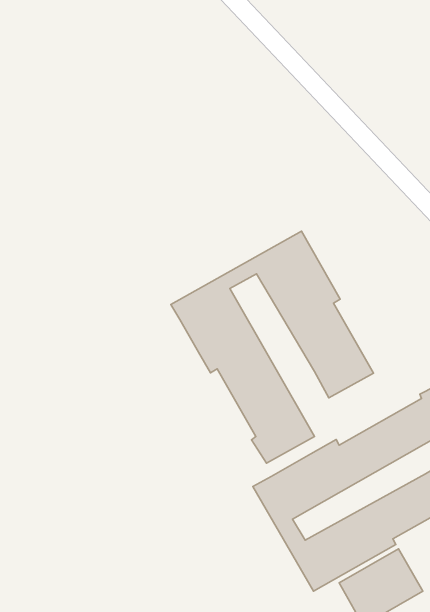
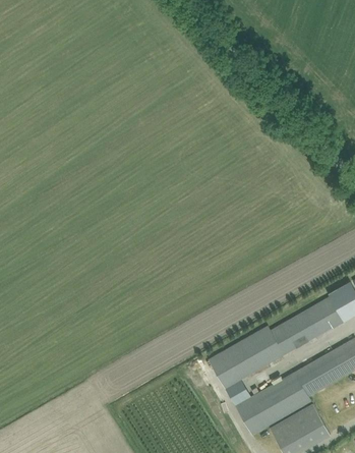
building: [171,231,373,463] -> none

